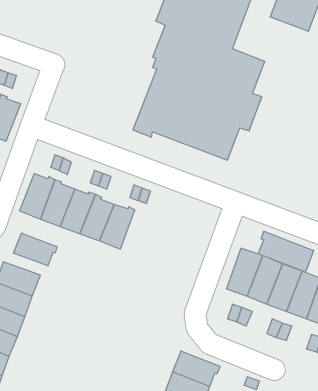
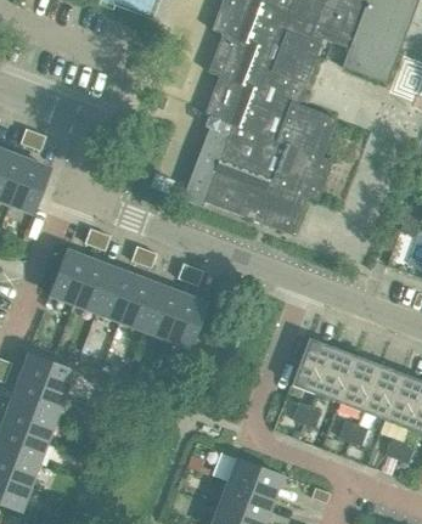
building: none -> [167,292,207,346]
building: [258,231,314,272] -> none
building: [13,233,57,266] -> none

